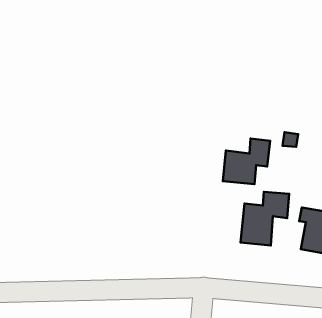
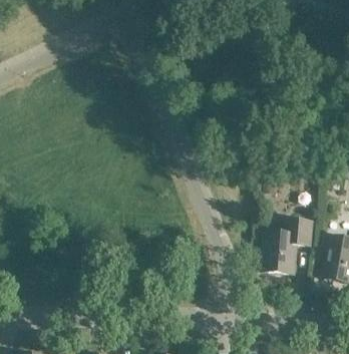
building: [223,139,270,184] -> none

